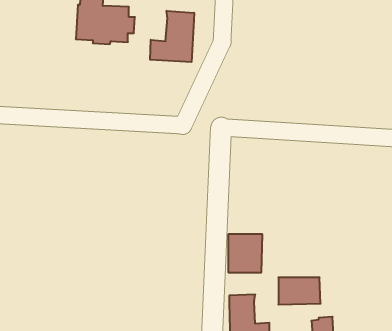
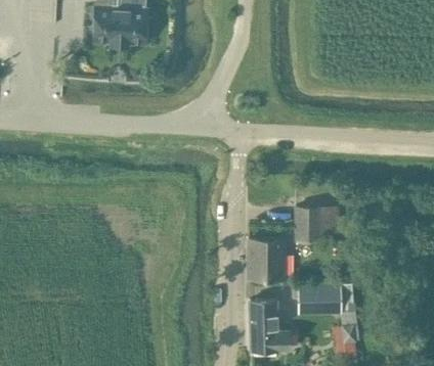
building: [150,11,194,62] -> none
building: none -> [294,205,340,240]

